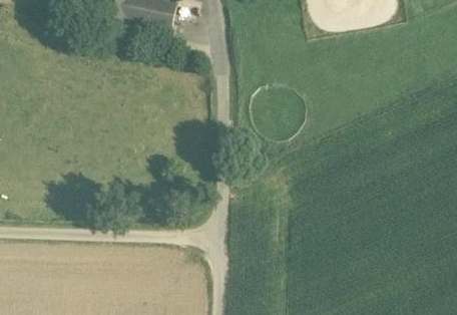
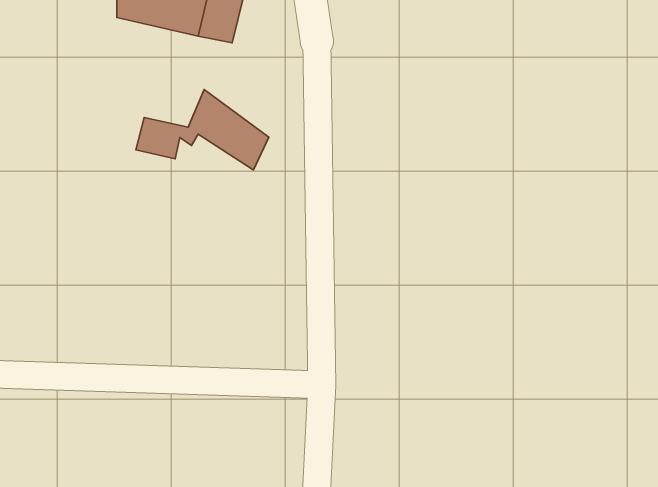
building: none -> [136,89,269,170]

